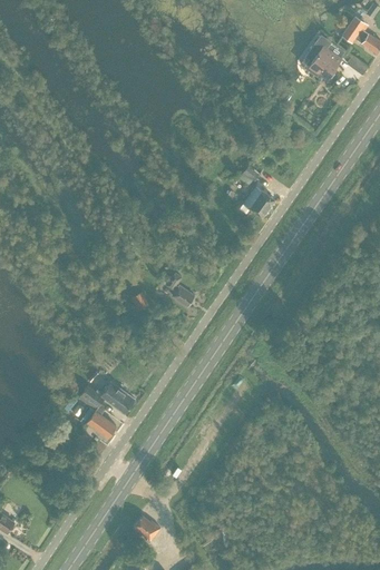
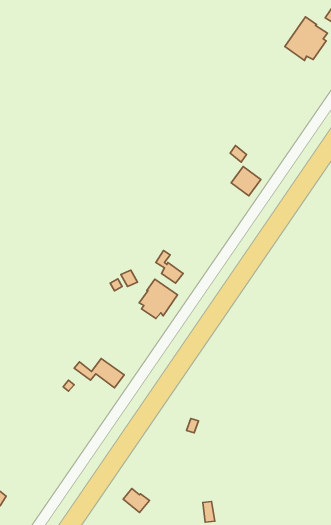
building: none -> [139,279,177,319]
building: [80,393,117,438] -> none

